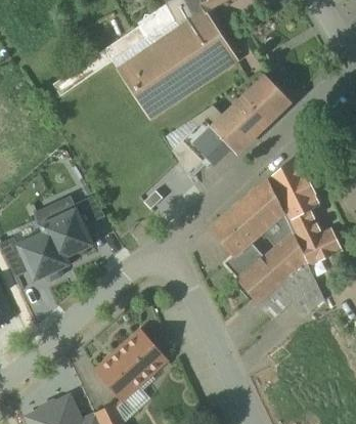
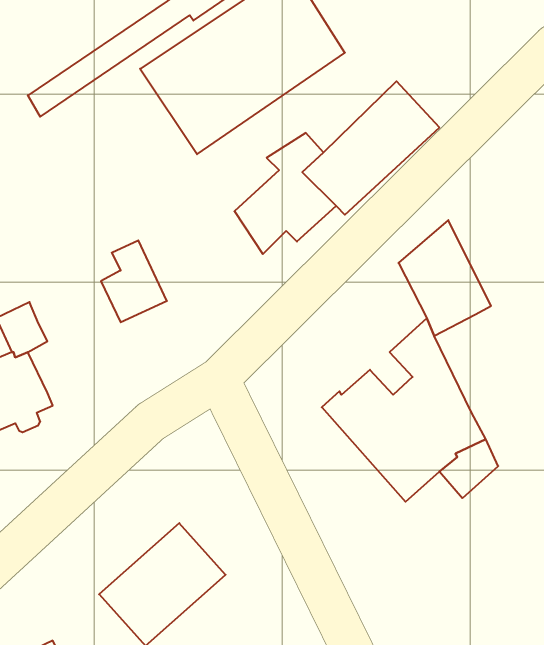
building: [211,180,283,256] -> none
building: [54,208,92,255] -> [101,240,167,322]
building: [287,210,343,266] -> none

